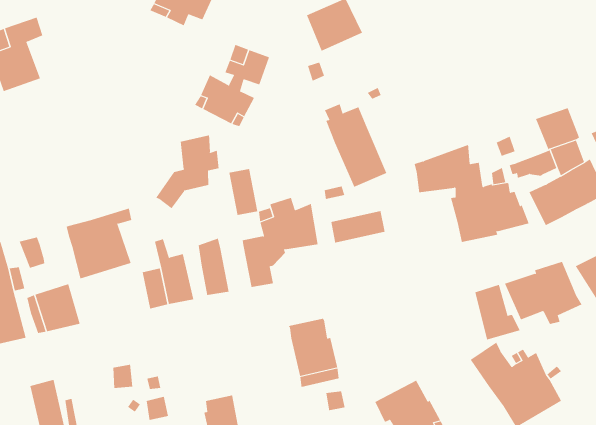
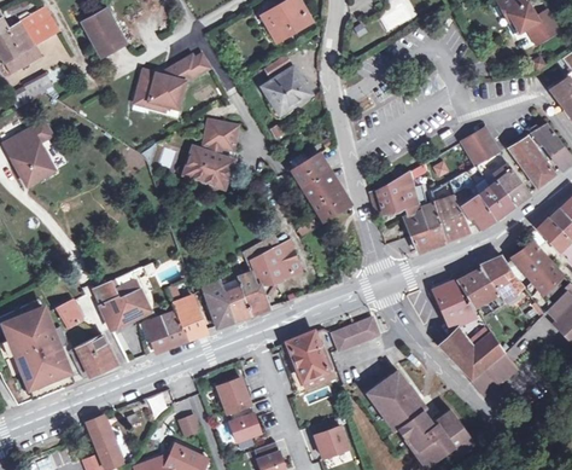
building: [155,135,219,209] -> none
building: [228,168,258,216] -> [222,280,251,320]
building: [330,210,385,243] -> [333,317,379,349]
building: none -> [144,315,171,350]
building: none -> [217,377,250,412]

